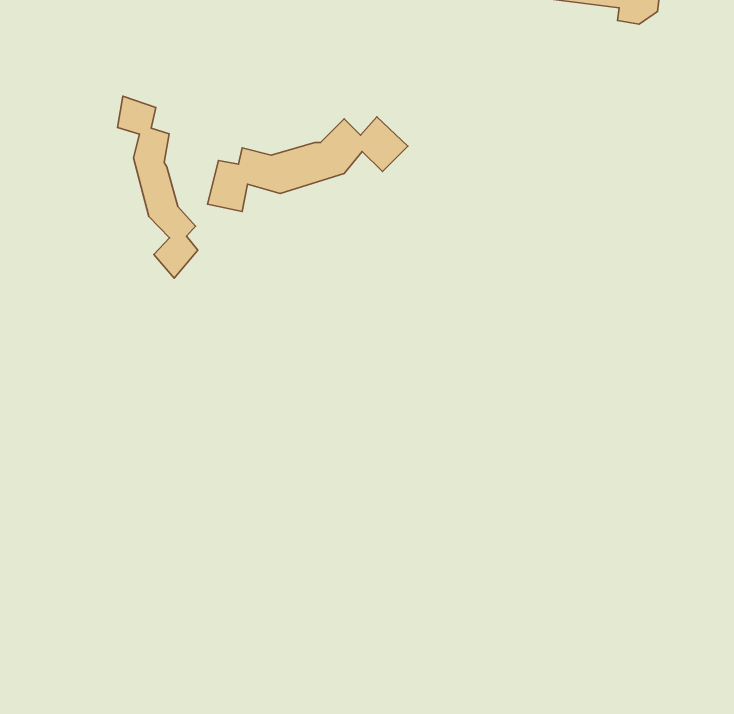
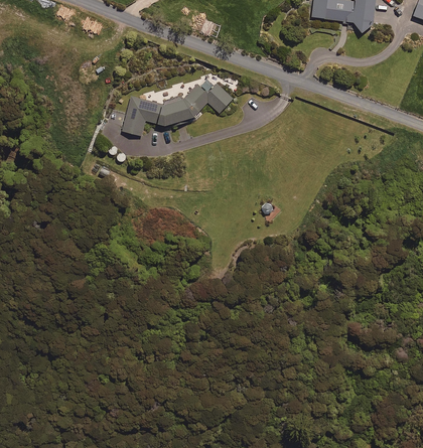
building: [118,96,198,278] -> none

